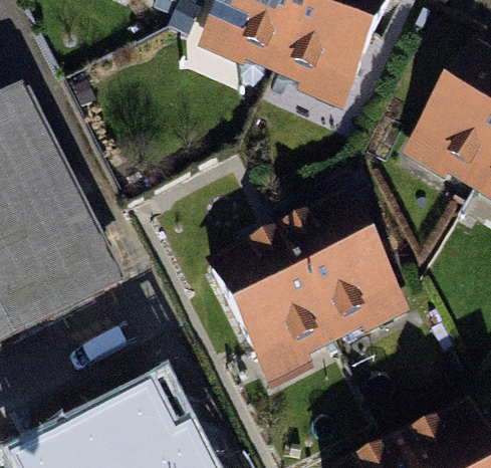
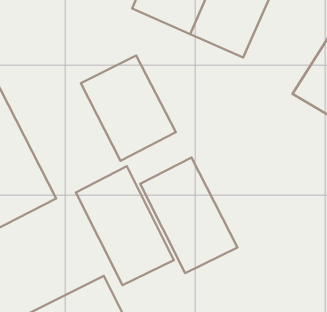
building: none -> [81,55,176,161]
building: [282,198,410,345] -> none
building: none -> [76,166,174,285]

